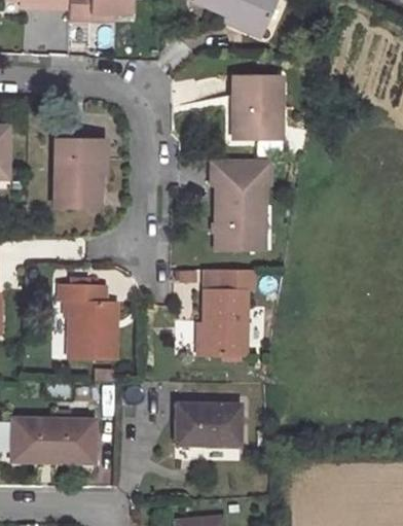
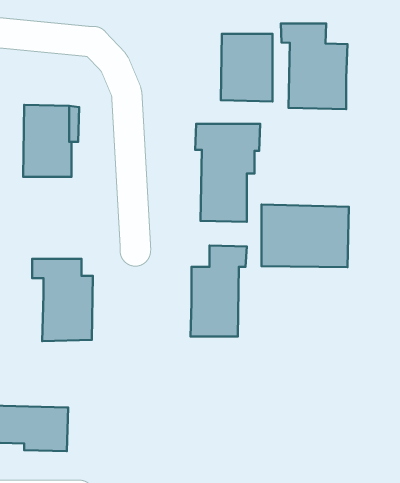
building: none -> [281,24,347,109]
building: none -> [262,205,349,267]
building: [180,402,245,443] -> none

